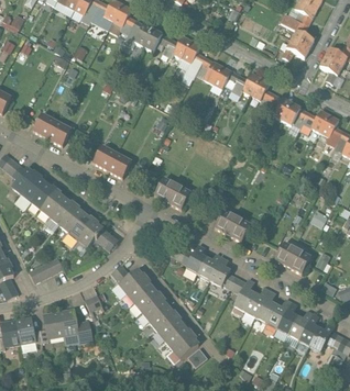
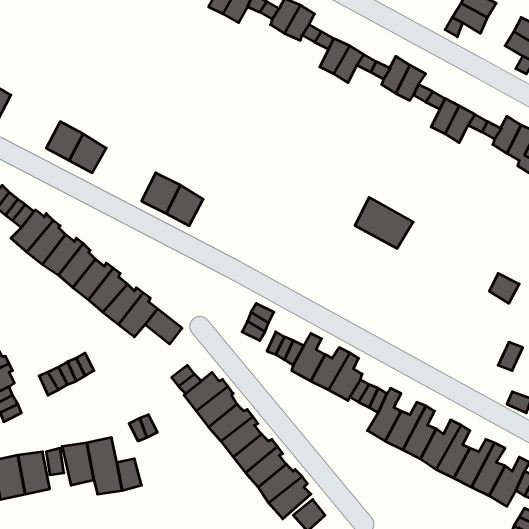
building: [154,178,190,210] -> none
building: [215,210,251,242] -> [355,197,413,248]
building: [274,243,310,275] -> none

